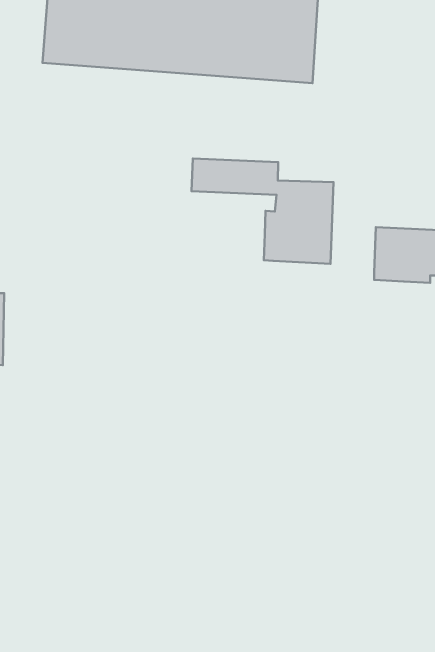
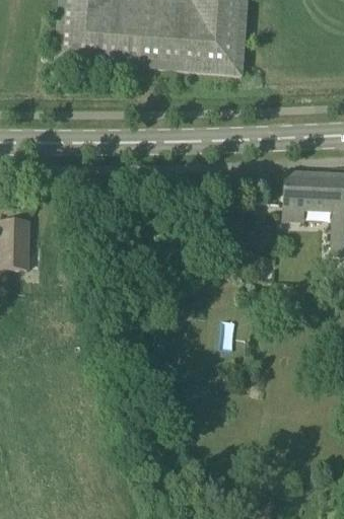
building: [191,159,334,264] -> none

